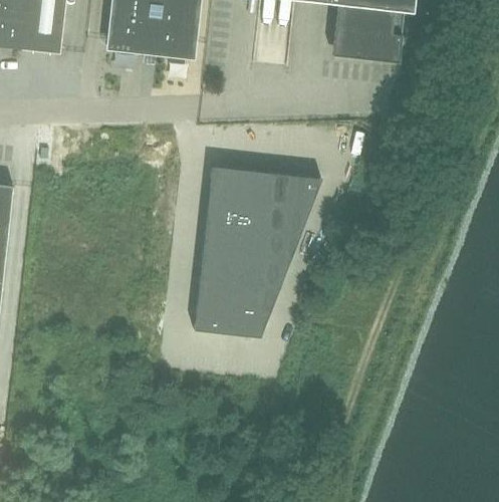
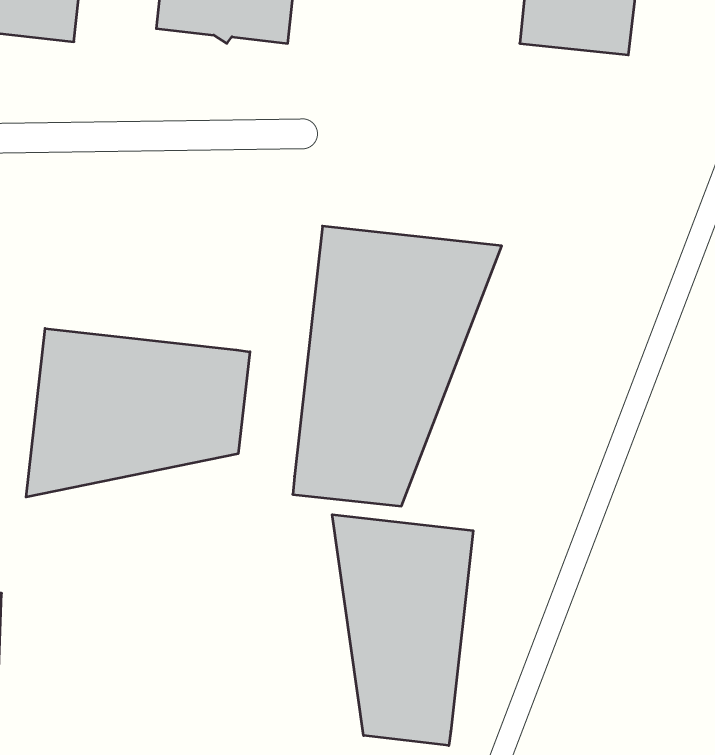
building: none -> [26,328,250,497]
building: none -> [332,515,473,746]

